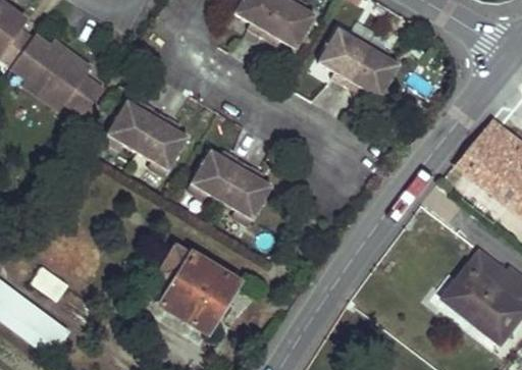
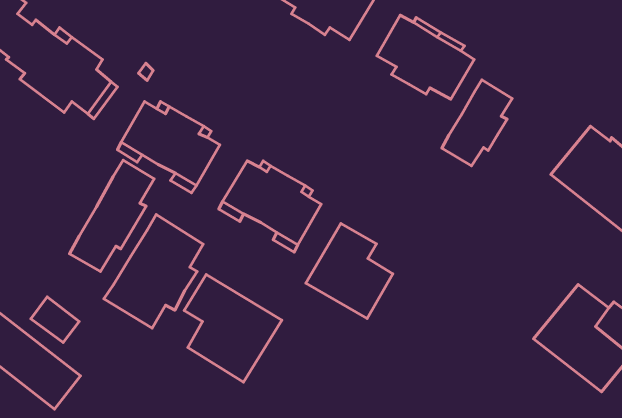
building: none -> [442,80,512,166]
building: none -> [70,160,154,271]
building: none -> [104,214,203,328]
building: none -> [306,224,393,318]

